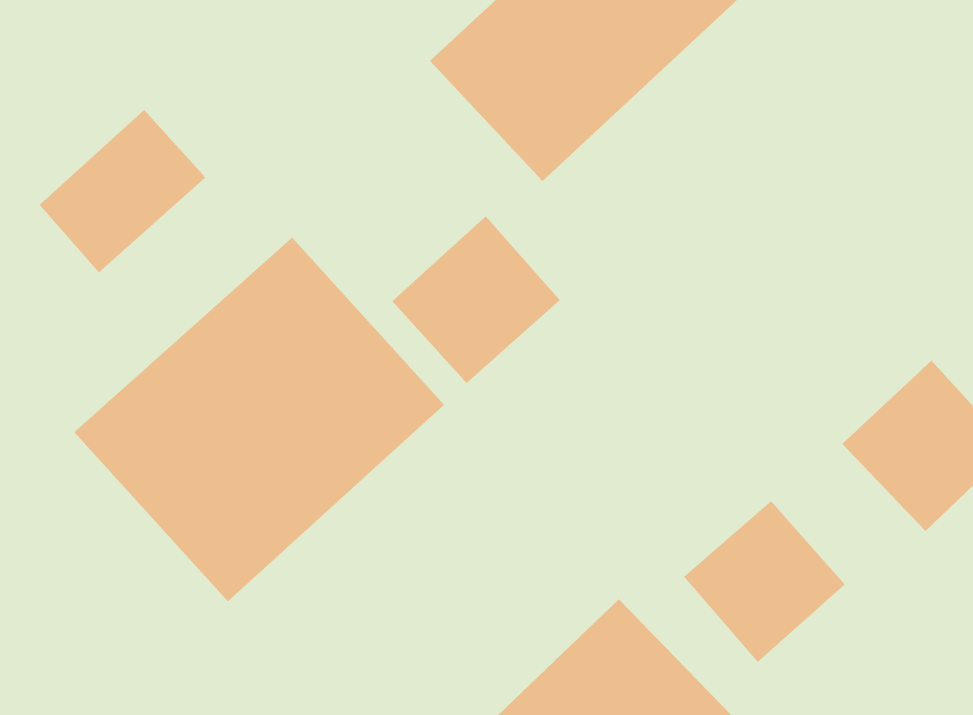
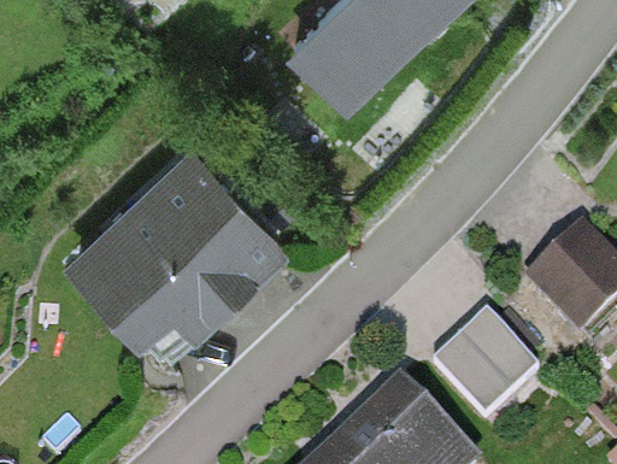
building: [39,109,206,273] -> none
building: [391,215,560,384] -> none

